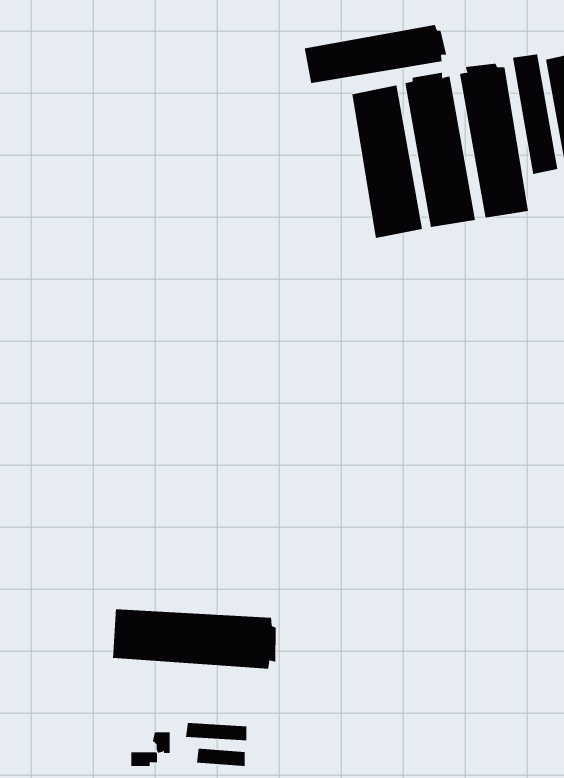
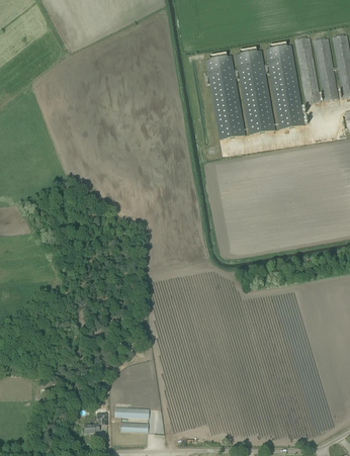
building: [304,24,447,84] -> none
building: [113,608,276,670] -> none

